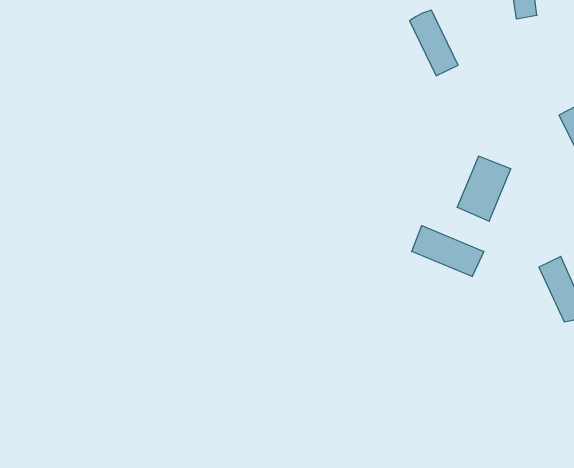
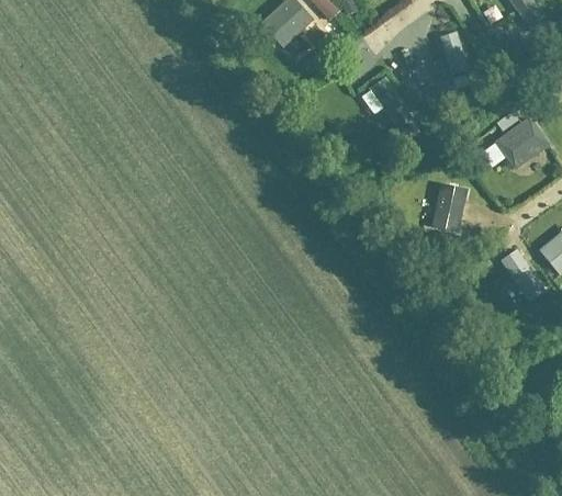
building: [412,226,484,277] -> none

